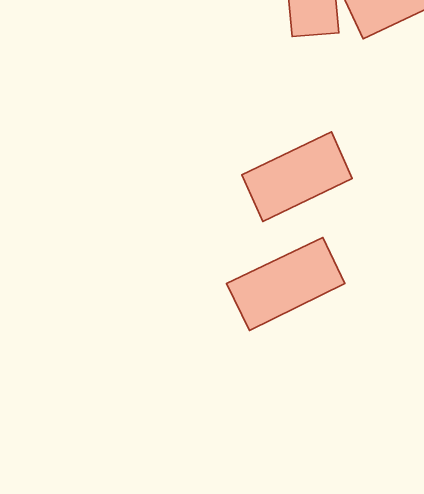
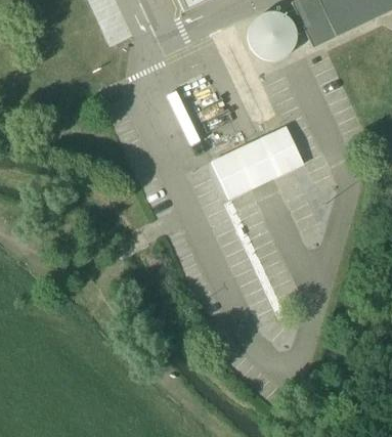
building: [226,237,345,330] -> none

